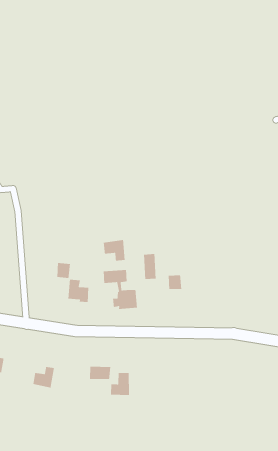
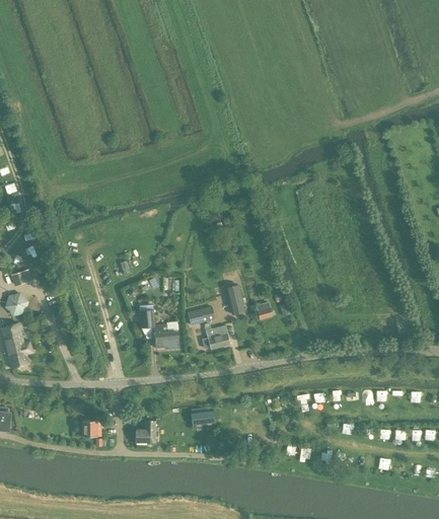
building: [103,239,126,261] -> none
building: [110,372,130,396] -> none

